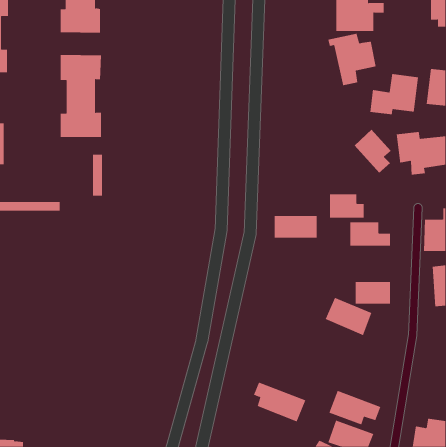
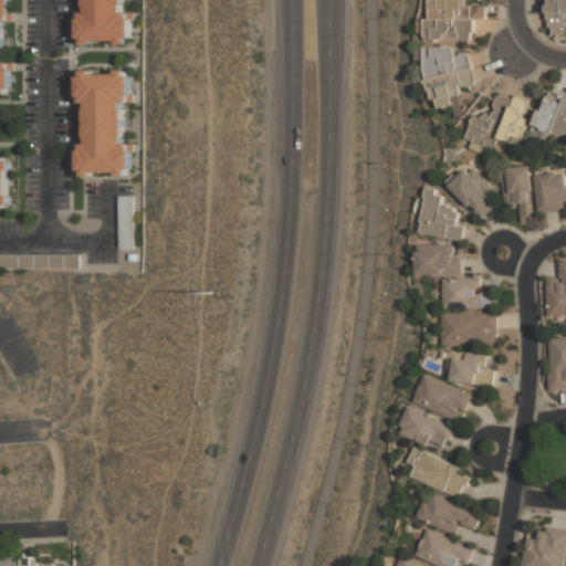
building: none -> [418,187,462,240]
building: [274,215,318,238] -> [439,315,494,344]
building: none -> [395,405,452,450]
building: [253,382,306,422] -> [405,447,471,497]

